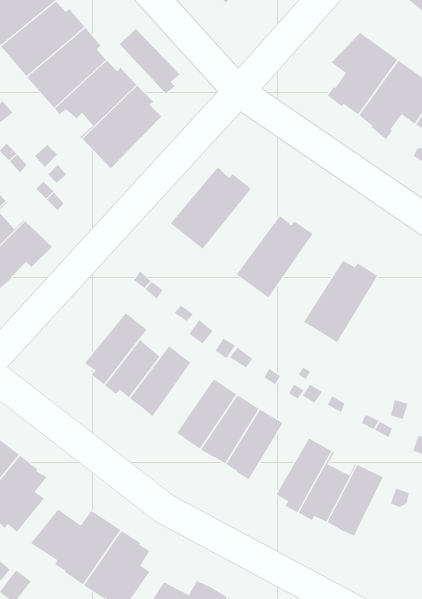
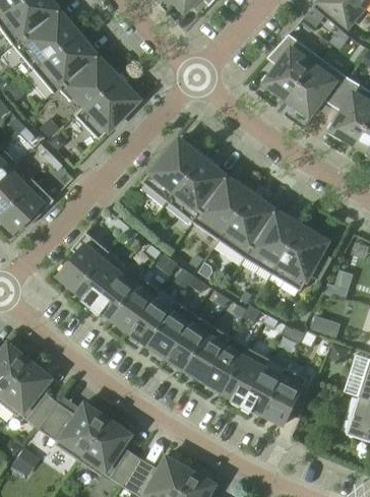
building: [119,28,180,94] -> none
building: none -> [168,156,227,222]
building: none -> [219,190,275,258]
building: none -> [271,223,332,291]
building: none -> [57,232,108,290]
building: none -> [129,290,176,344]
building: none -> [203,336,249,391]

